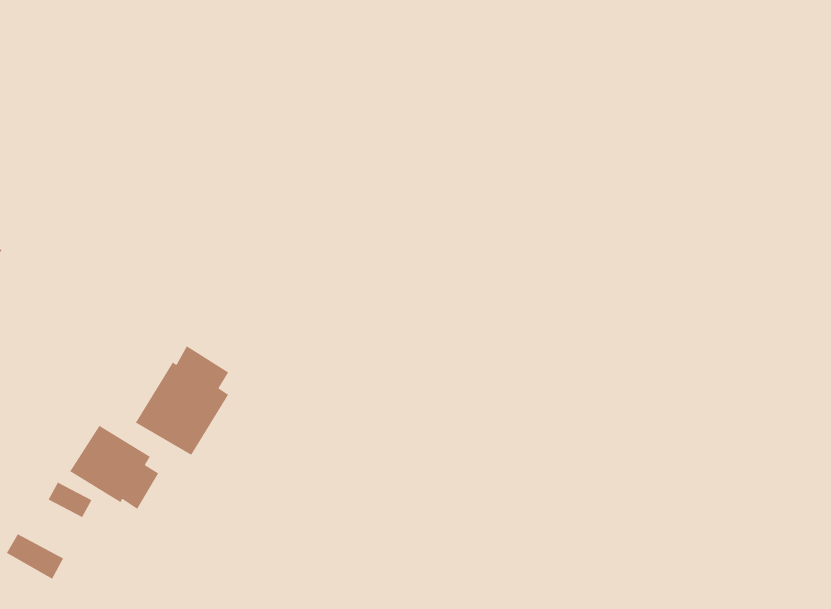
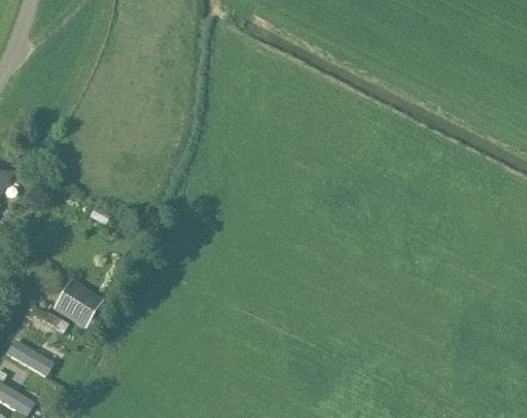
building: [135,345,229,456] -> none

